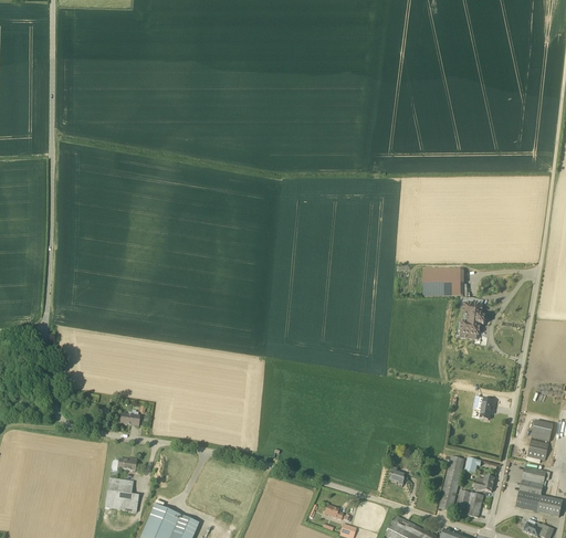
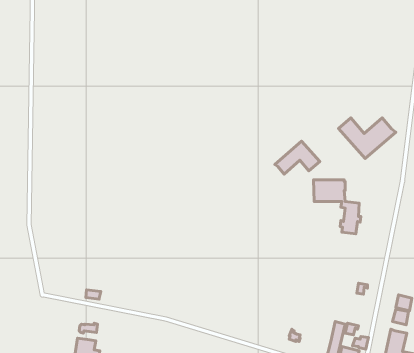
building: none -> [338,118,396,159]
building: none -> [275,141,320,174]

